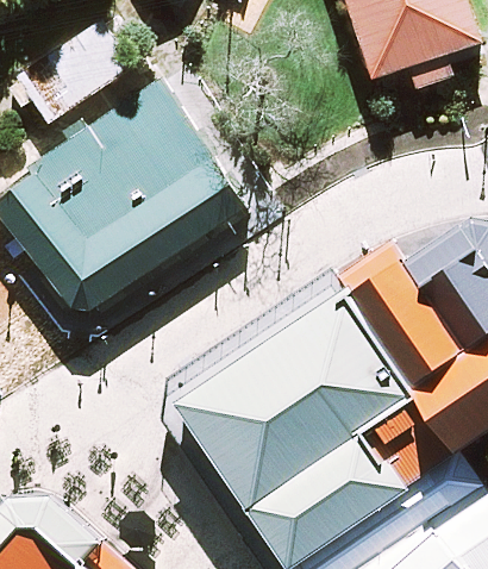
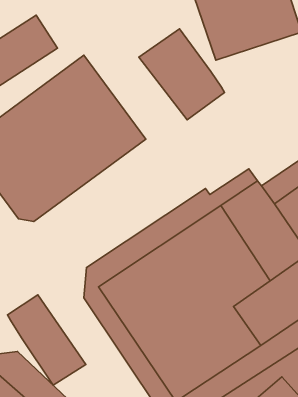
building: none -> [139,29,225,120]
building: none -> [8,295,86,385]

